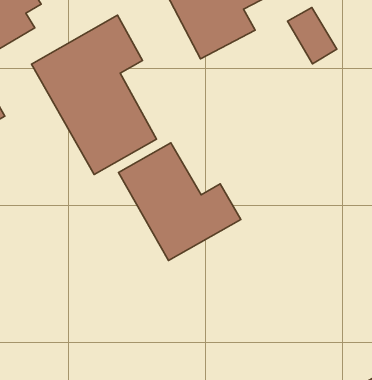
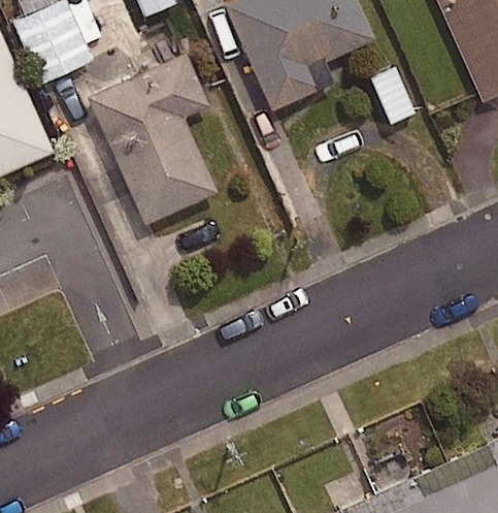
building: [119,143,241,260] -> none

